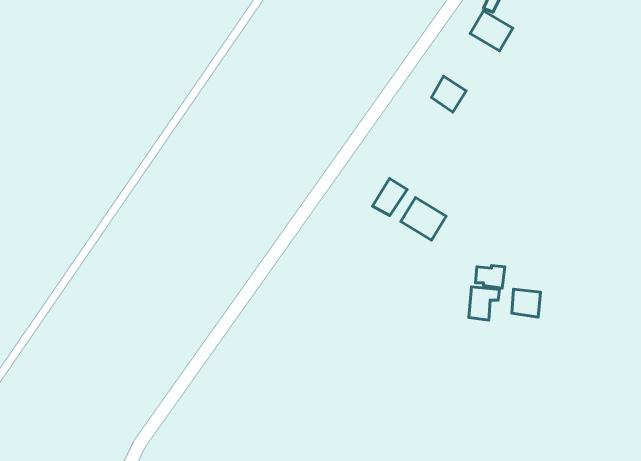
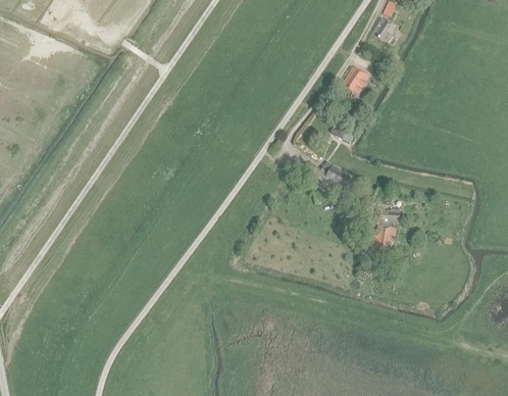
building: [372,179,407,216] -> none
building: [512,289,541,317] -> none

